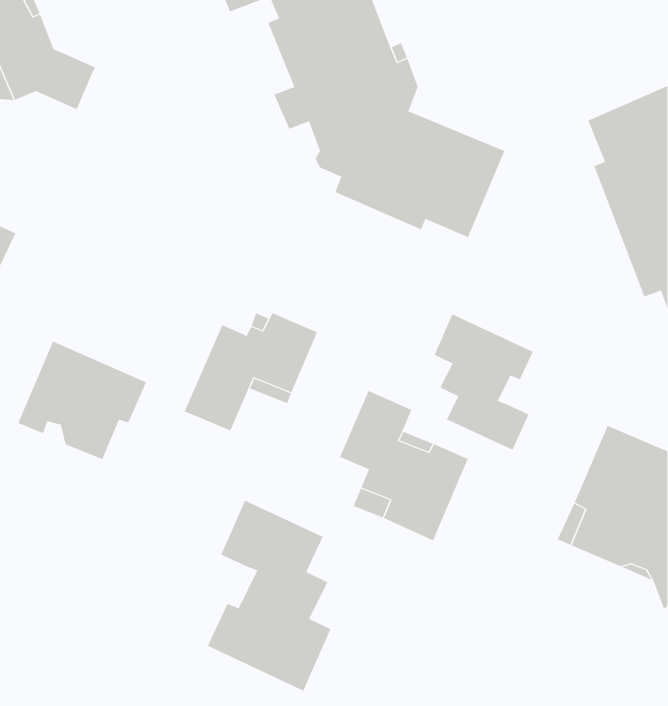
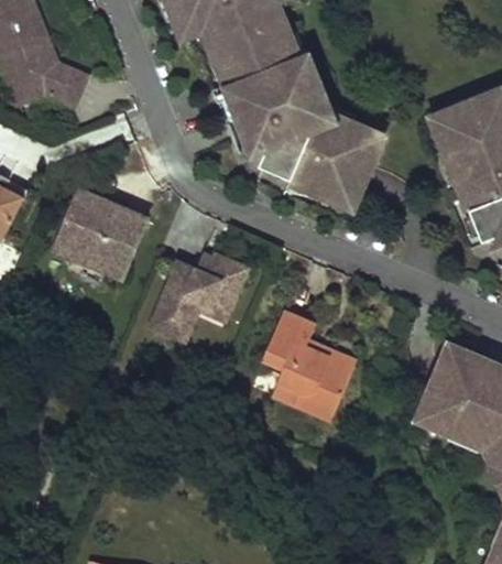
building: [434,314,533,450] -> none
building: [17,341,147,460] -> [53,192,146,278]
building: [207,500,331,692] -> none

